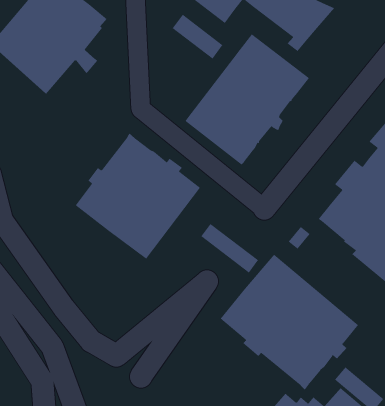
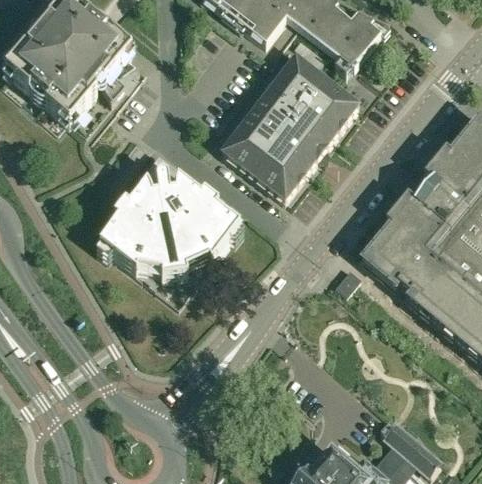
building: [172,14,223,60] -> none
building: [201,223,259,273] -> none
building: [220,254,359,391] -> none

